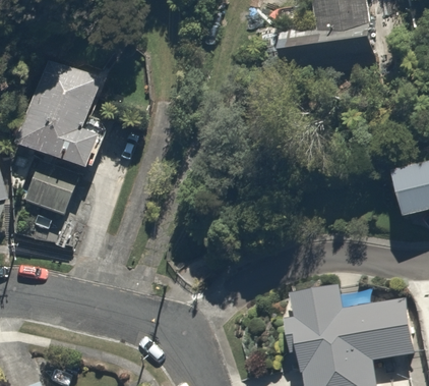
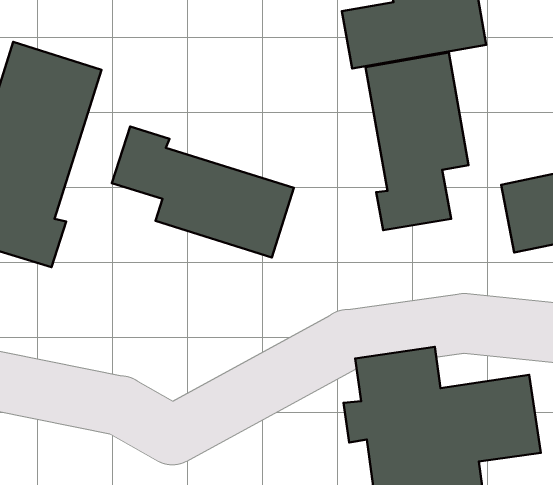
building: none -> [365,53,469,230]
building: none -> [112,127,294,257]

